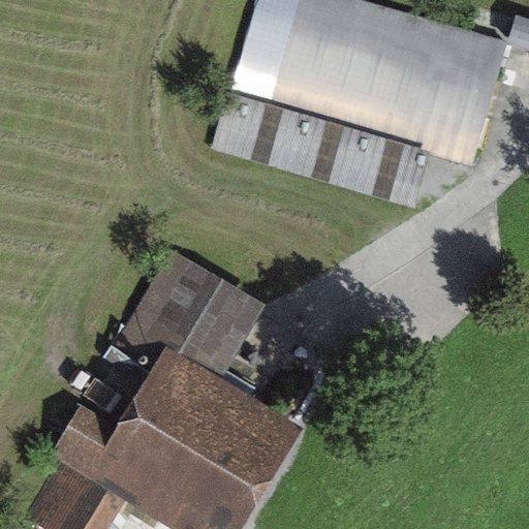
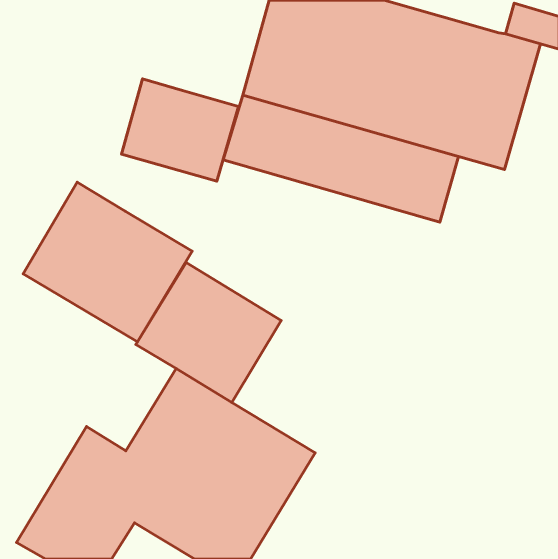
building: none -> [121,79,239,181]
building: none -> [23,182,192,342]

